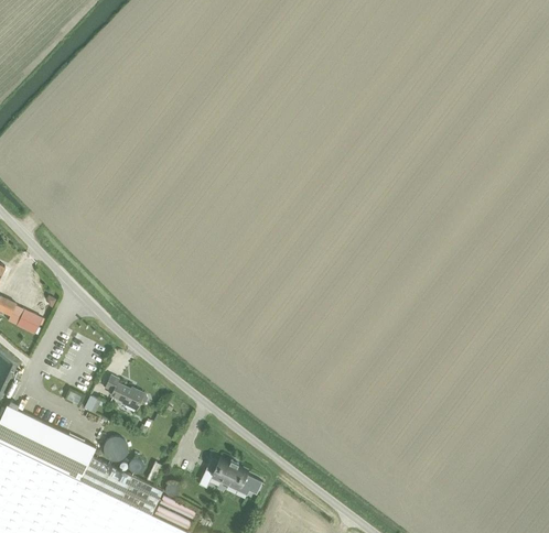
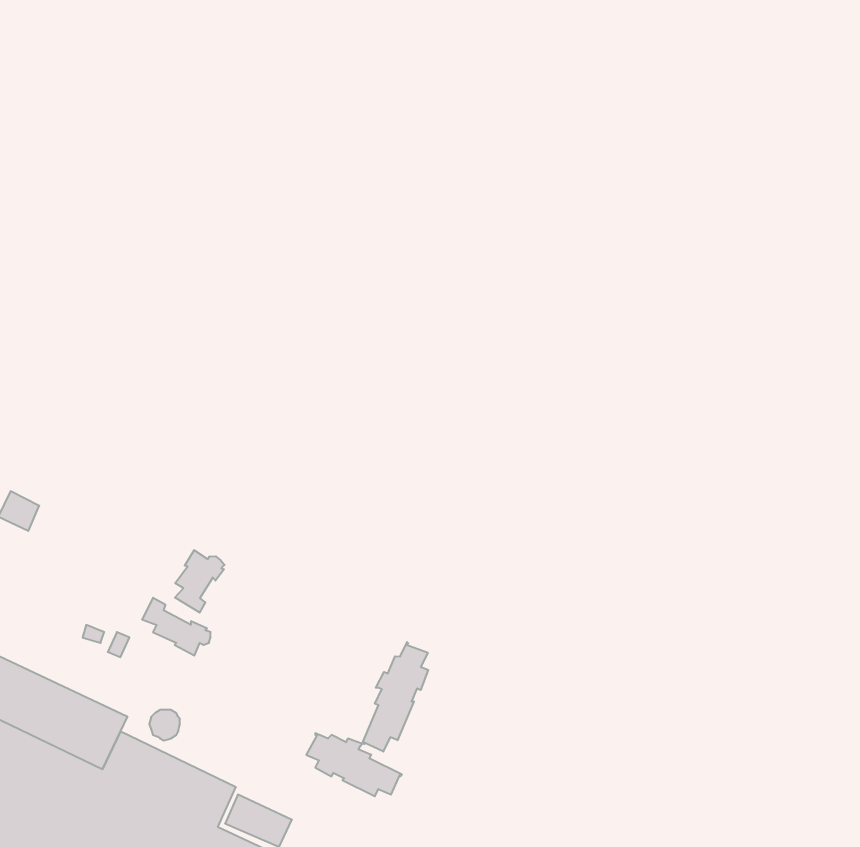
building: none -> [175,550,225,613]
building: none -> [362,642,428,752]

